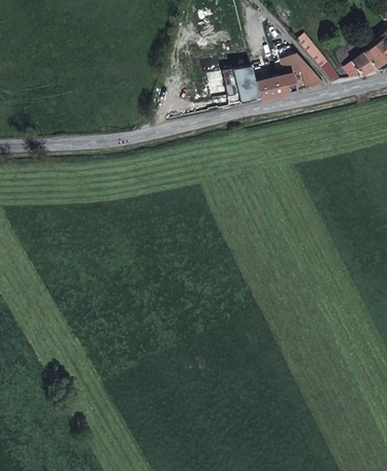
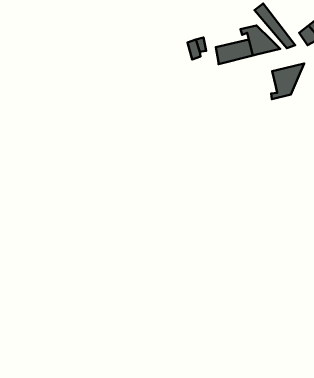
building: none -> [271,64,304,99]

